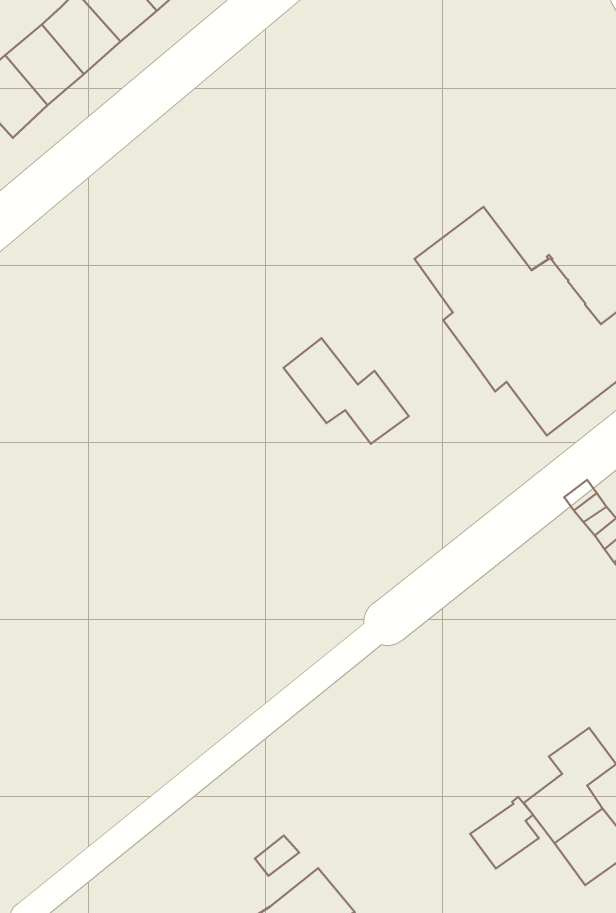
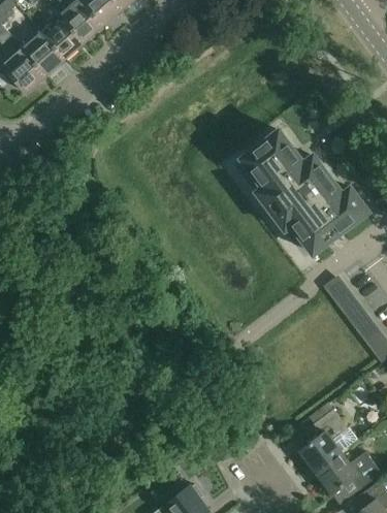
building: [283,338,409,444] -> none
building: [470,797,539,868] -> none

